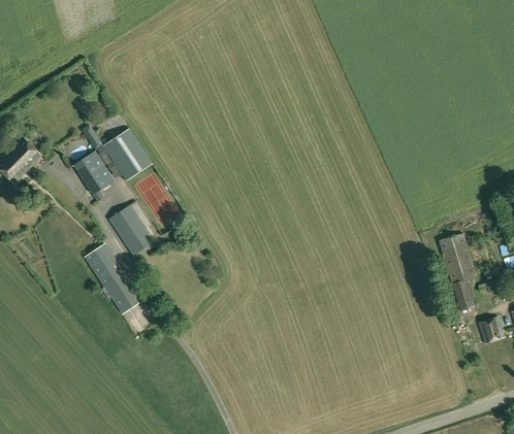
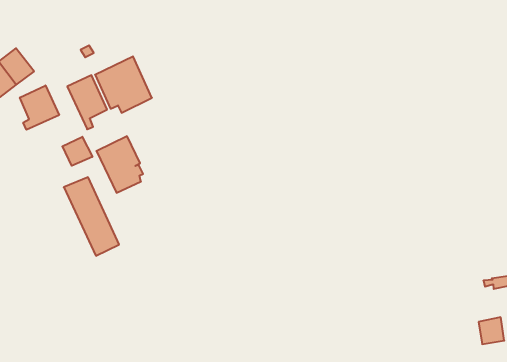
building: none -> [20,85,59,130]
building: none -> [62,137,92,166]
building: [439,233,476,310] -> none

